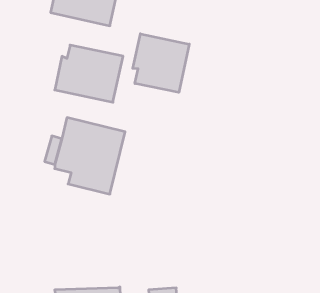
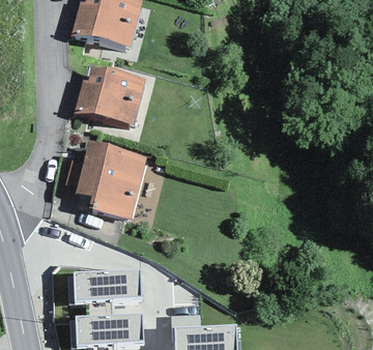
building: [133,34,189,92] -> none
building: none -> [74,268,143,301]

